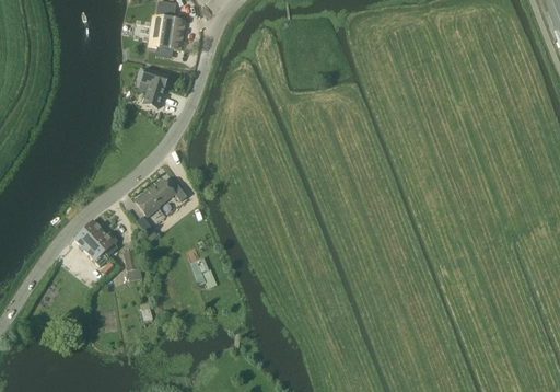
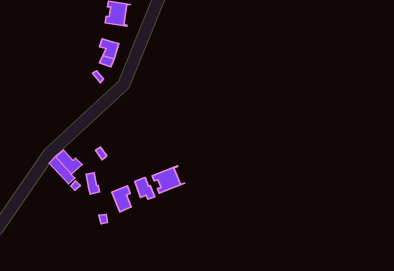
building: [135,178,187,216] -> none
building: none -> [152,166,184,193]
building: none -> [112,186,131,212]

